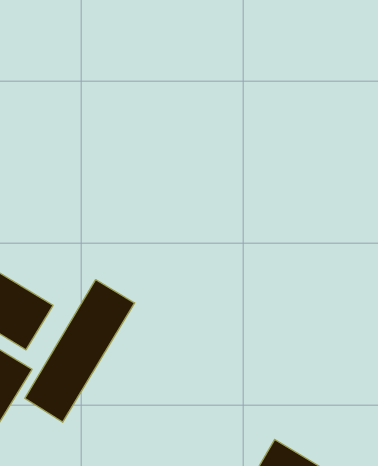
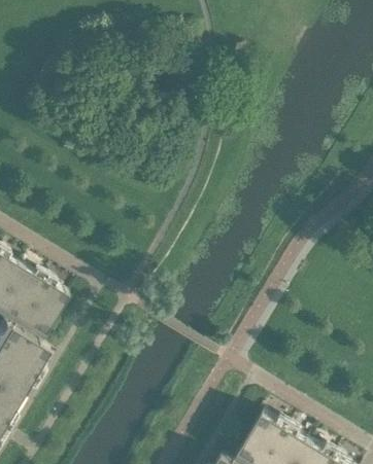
building: [25,280,135,422] -> none

